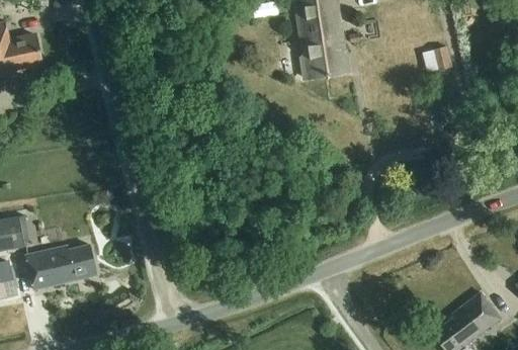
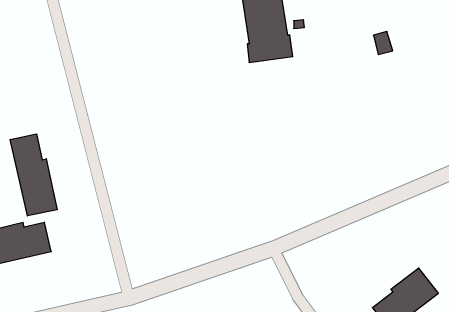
building: none -> [10,134,57,216]

